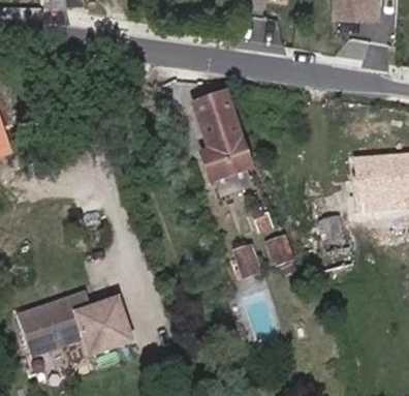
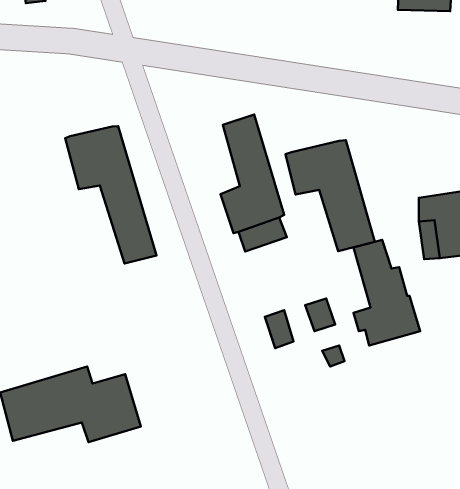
building: none -> [65,126,157,264]
building: none -> [285,140,375,251]

